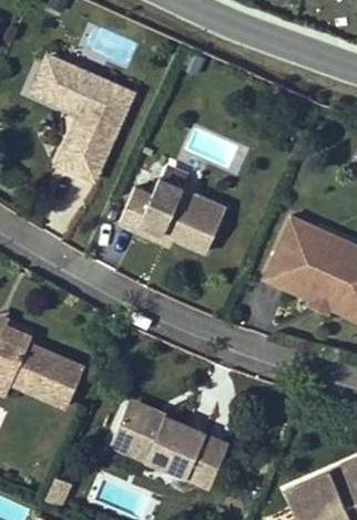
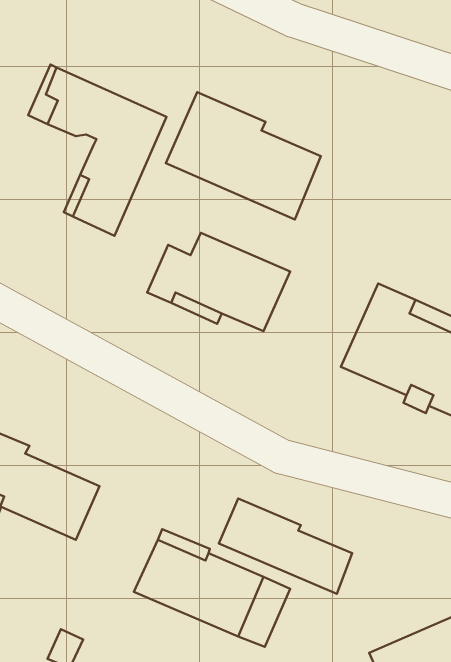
building: none -> [166,92,321,220]
building: none -> [219,499,352,594]

